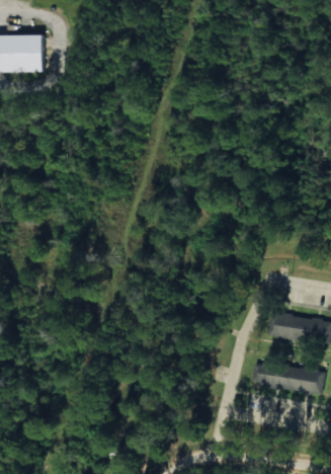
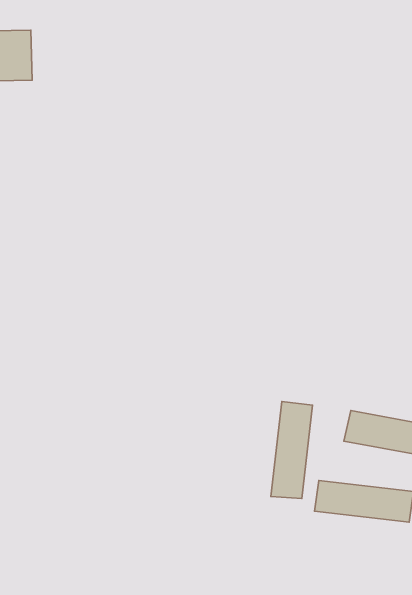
building: none -> [271,402,313,498]

